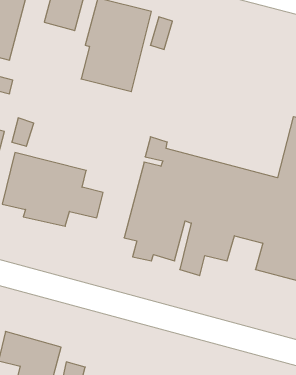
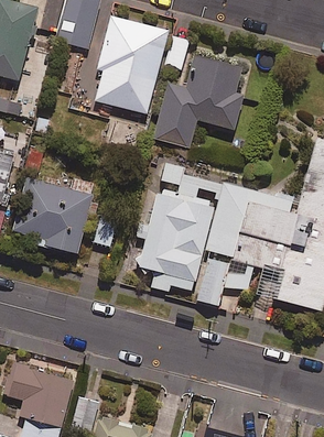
building: none -> [153,54,244,146]

